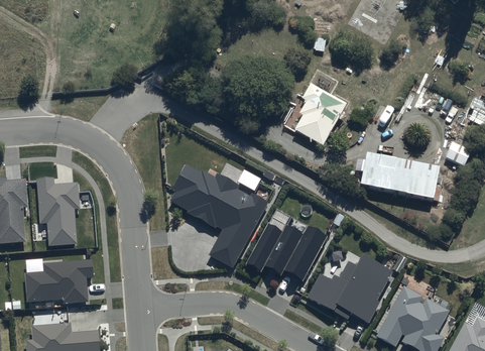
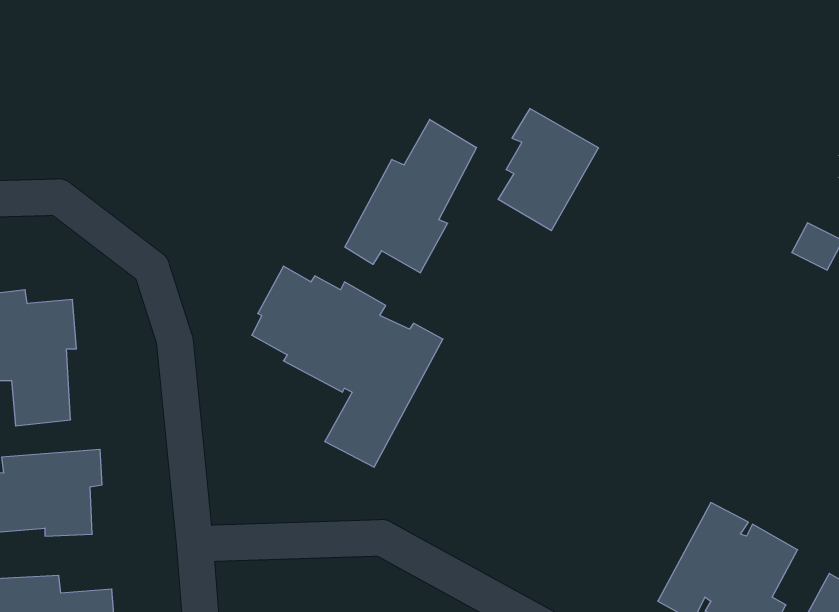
building: none -> [345,119,477,273]
building: [360,155,439,201] -> none
building: [245,224,327,280] -> none
building: [306,255,392,324] -> none

